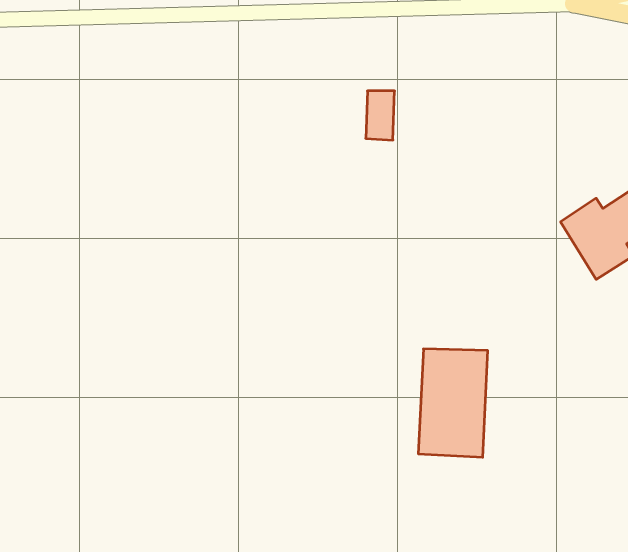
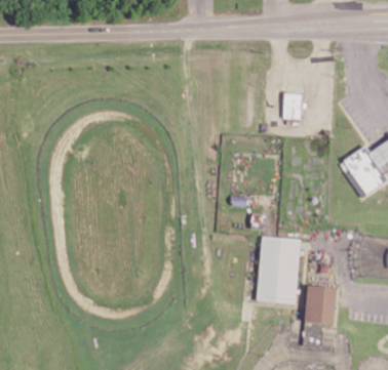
building: [366,91,395,140] -> [283,93,301,123]
building: none -> [302,285,336,346]

